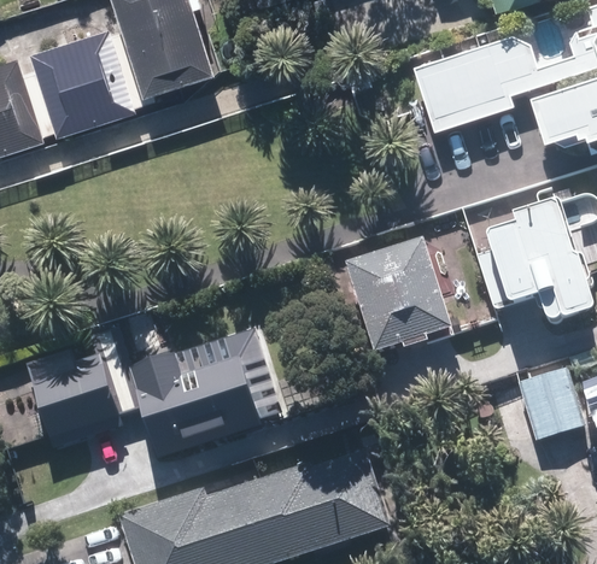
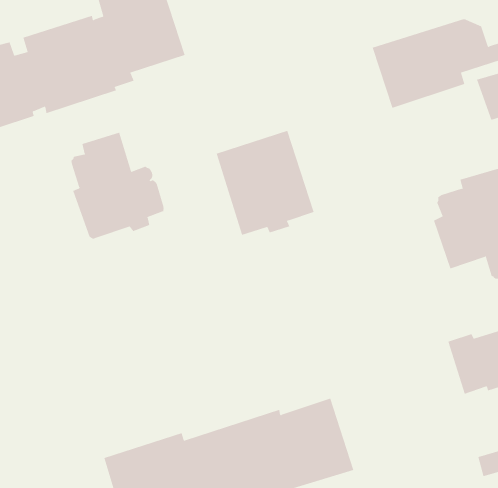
building: none -> [71,132,164,239]
building: [344,235,451,349] -> [216,130,315,235]
building: [49,327,275,450] -> none

